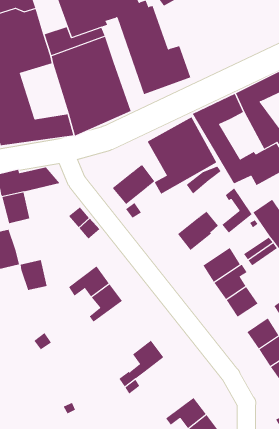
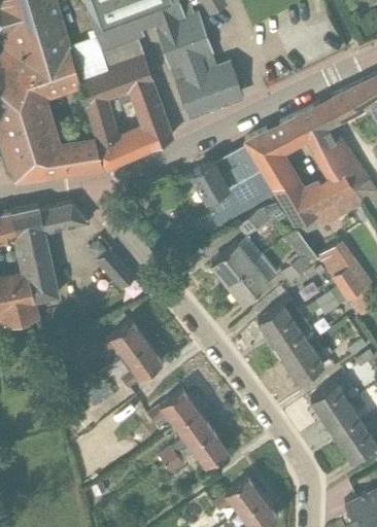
building: [112,164,155,205] -> [211,236,263,284]
building: [20,259,47,291] -> [27,266,60,303]
building: none -> [147,389,197,427]
building: none -> [190,430,228,468]

